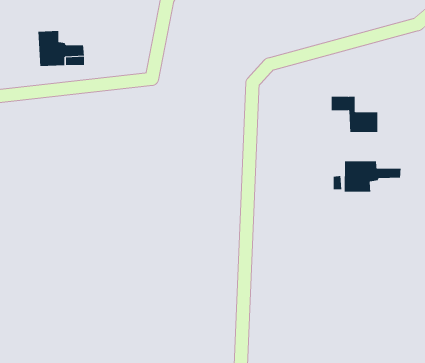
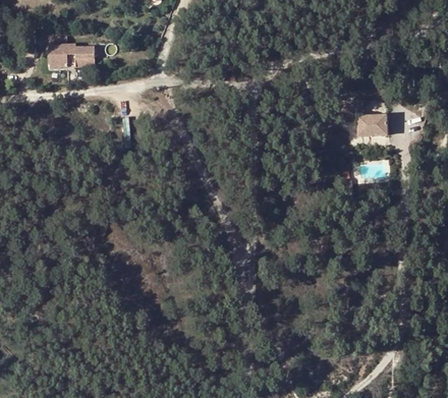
building: [344,160,401,192] -> none

